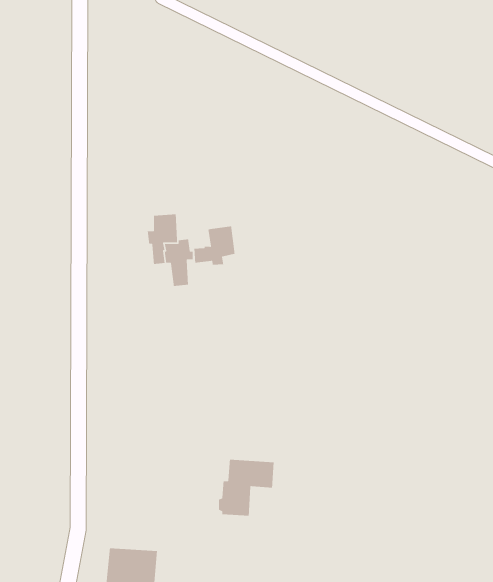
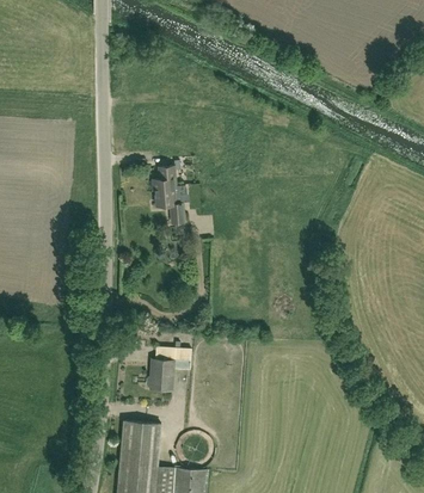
building: [193,226,235,265] -> none
building: [218,459,274,516] -> [147,346,190,390]

